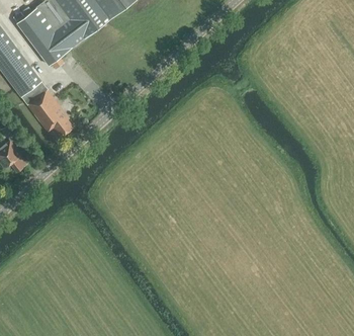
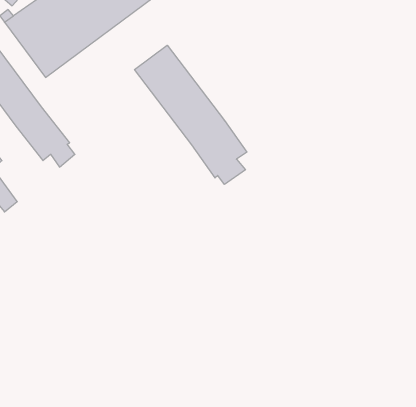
building: none -> [135,45,247,184]

